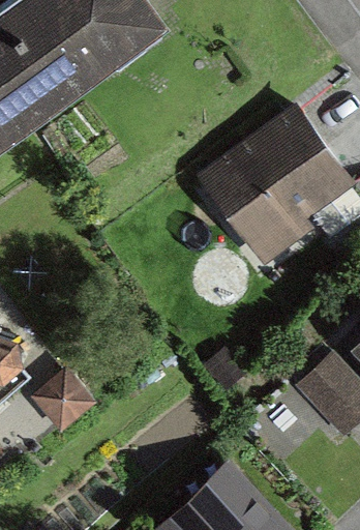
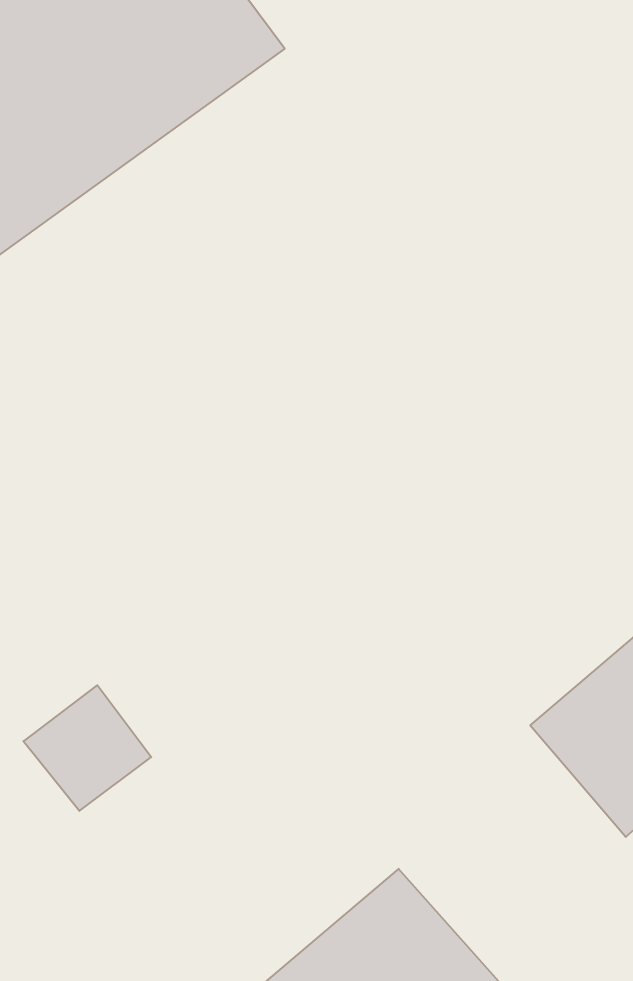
building: [190,111,339,273] -> none

